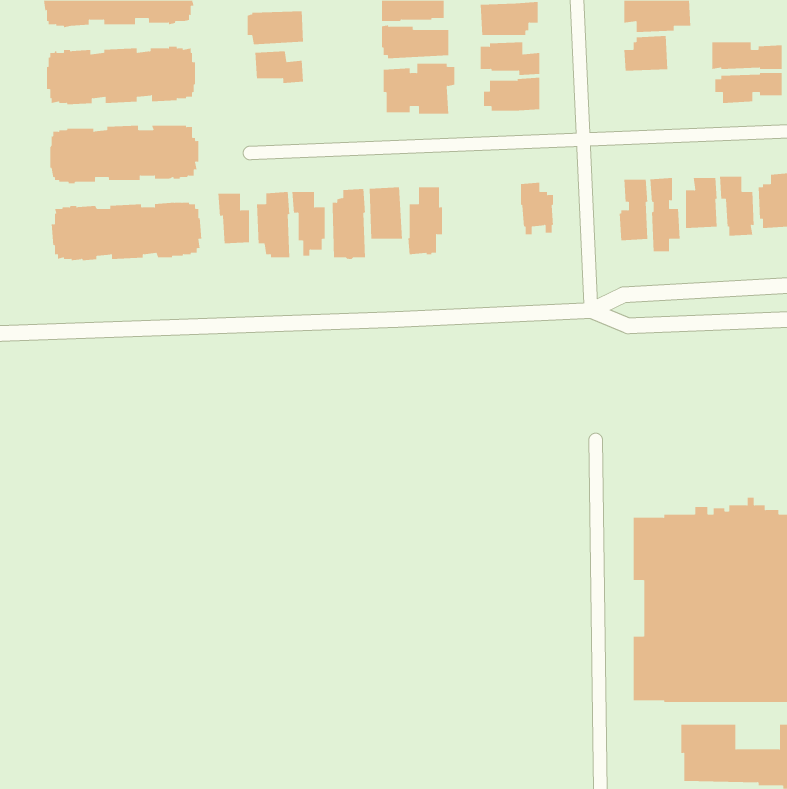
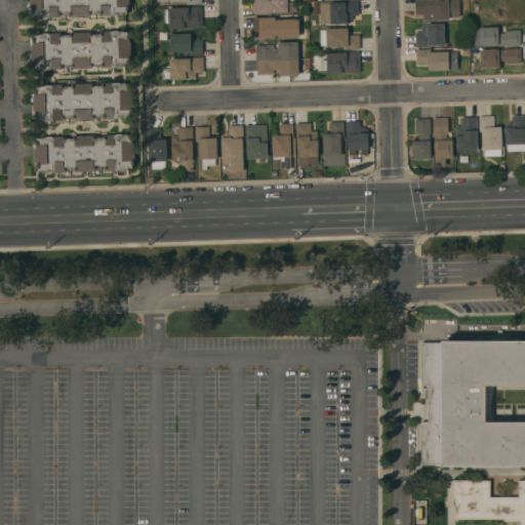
building: none -> [416,49,458,71]
building: none -> [169,57,204,80]
building: none -> [323,122,346,166]
building: none -> [295,123,319,166]

